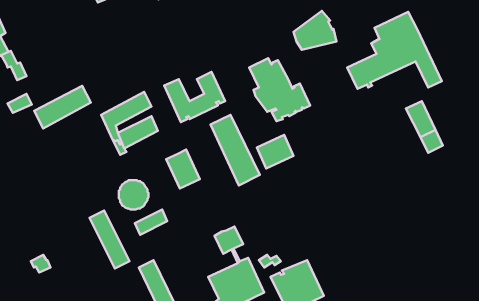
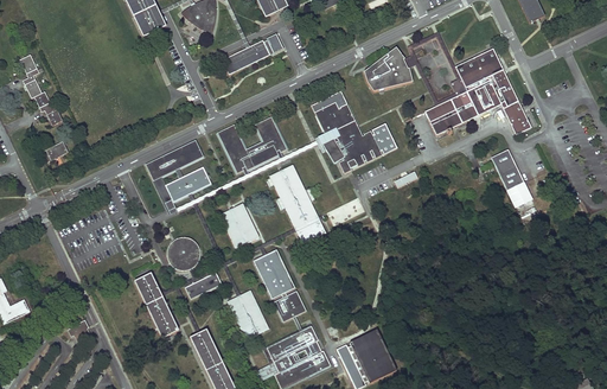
building: none -> [222,40,270,75]
building: [34,86,91,129] -> none
building: none -> [254,249,295,299]
building: none -> [228,291,269,339]

